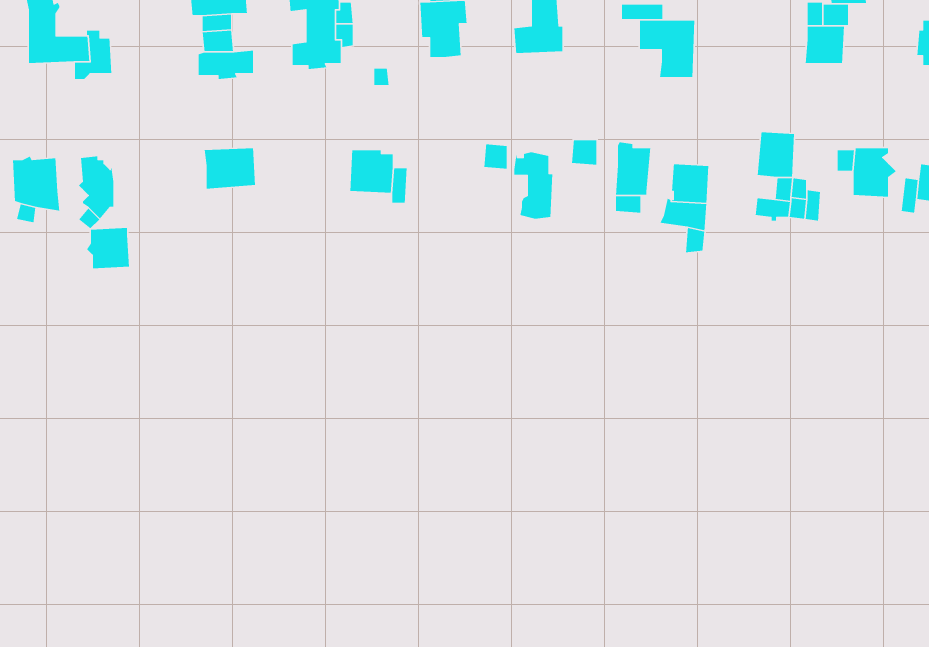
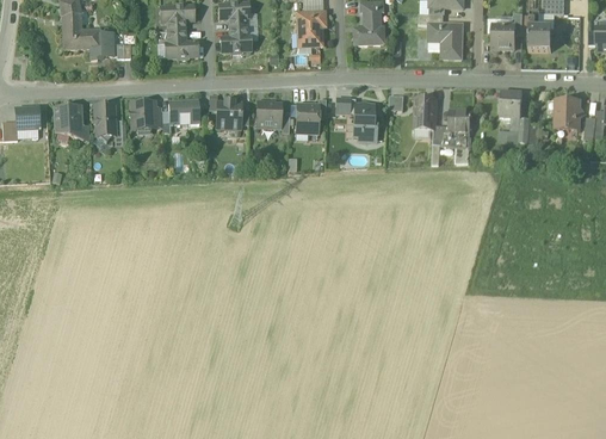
building: none -> [491,24,514,48]
building: none -> [216,99,241,128]
building: none -> [296,103,319,132]
building: [86,227,130,269] -> [129,101,155,126]

